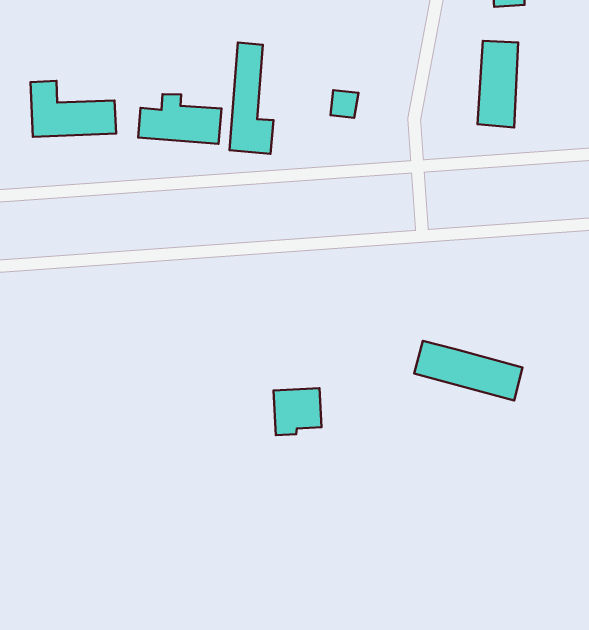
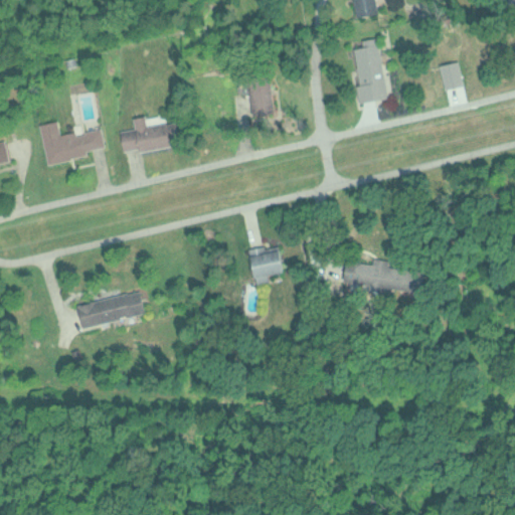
building: [229,42,274,154] -> none
building: none -> [75,291,144,329]
building: [273,388,321,435] -> [248,246,287,285]

